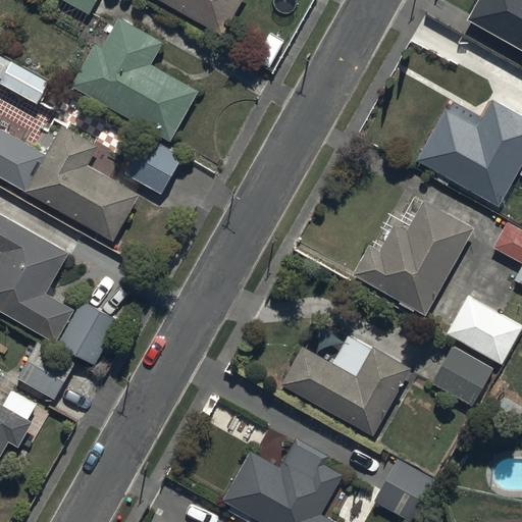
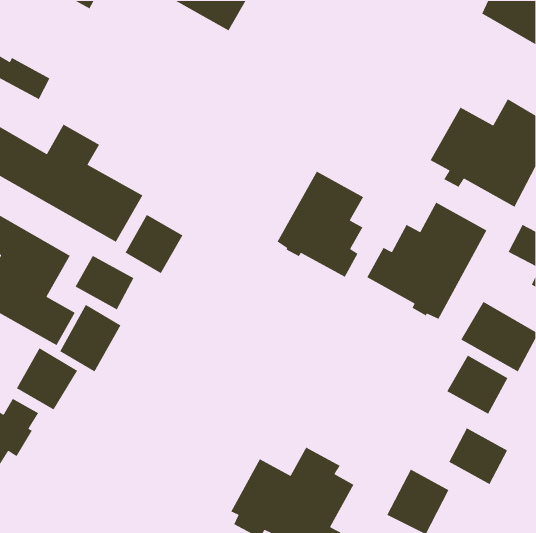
building: [70,17,199,142] -> none
building: [124,138,181,196] -> [124,214,183,274]
building: none -> [276,171,364,278]
building: none -> [74,255,134,310]
building: [280,336,413,436] -> none
building: none -> [448,427,508,485]

